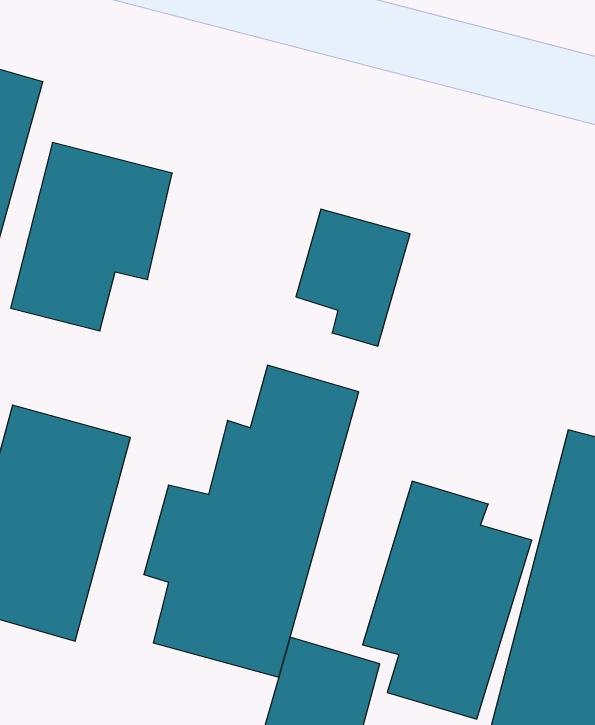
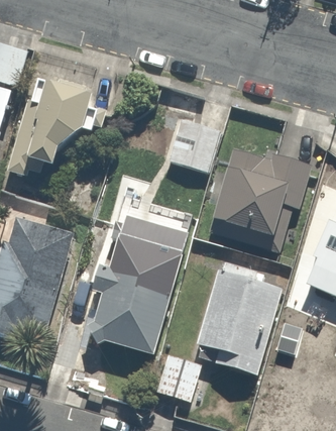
building: none -> [205,145,312,245]

